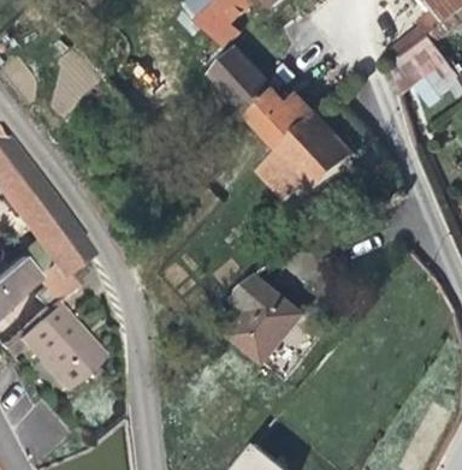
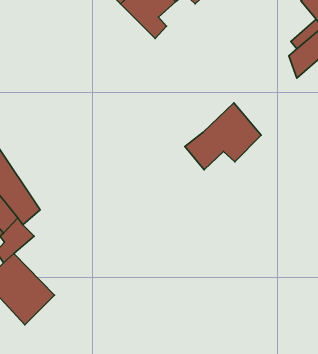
building: [206,55,319,157] -> none
building: [233,278,306,361] -> none

